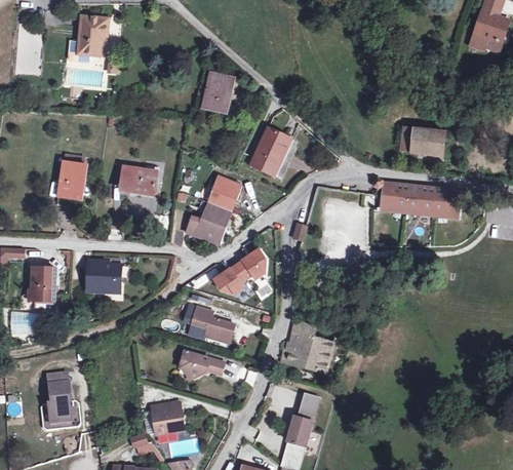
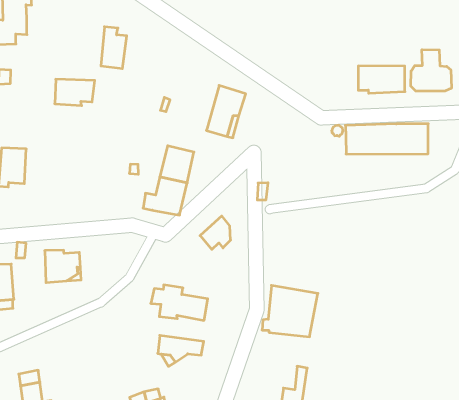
building: [206,75,234,116] -> [101,27,127,69]
building: none -> [411,50,451,91]
building: [115,166,155,194] -> [55,79,95,106]
building: [213,264,244,292] -> none

